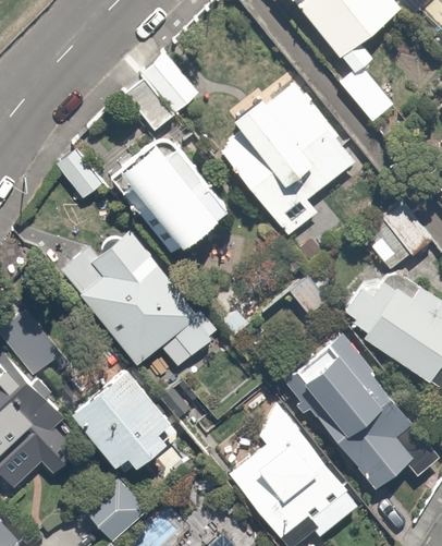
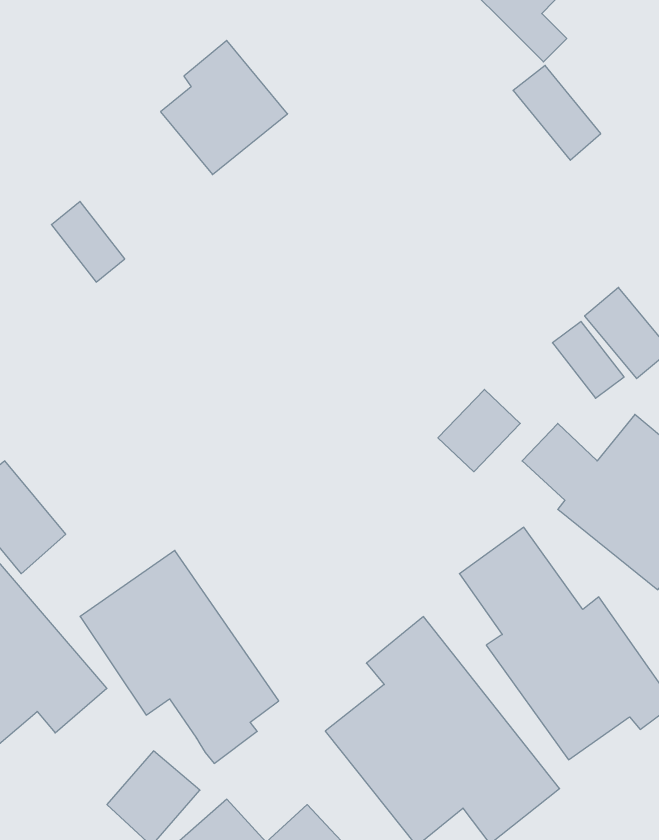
building: [219,74,358,236] -> none
building: [125,137,226,239] -> none
building: [58,230,216,373] -> none

